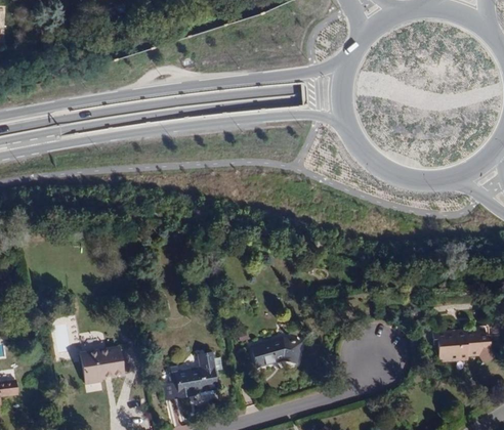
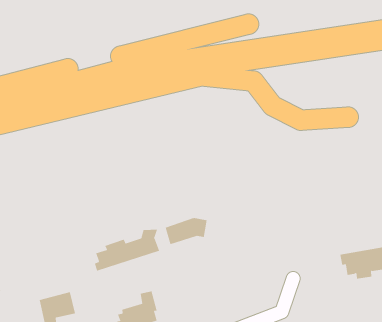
building: none -> [94,229,160,272]
building: [253,339,302,368] -> [165,218,207,245]

